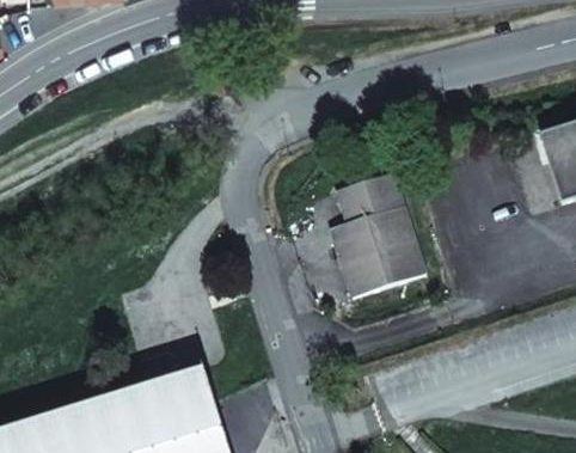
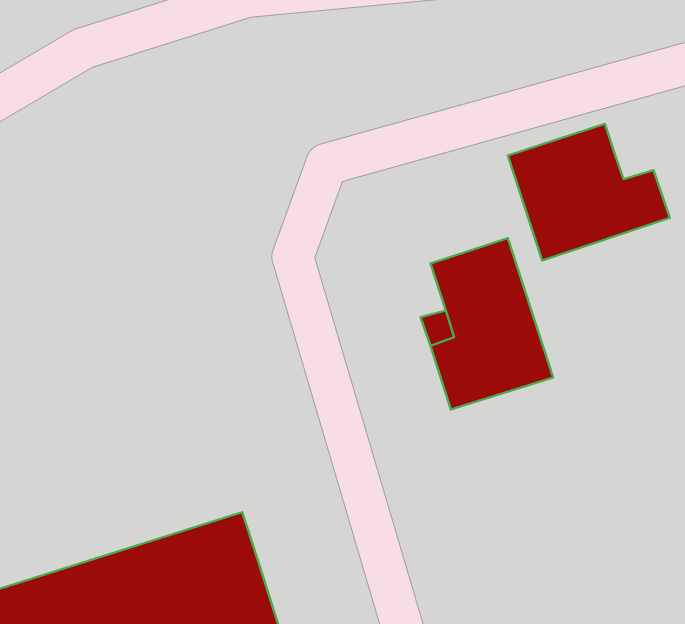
building: none -> [508,124,670,260]

